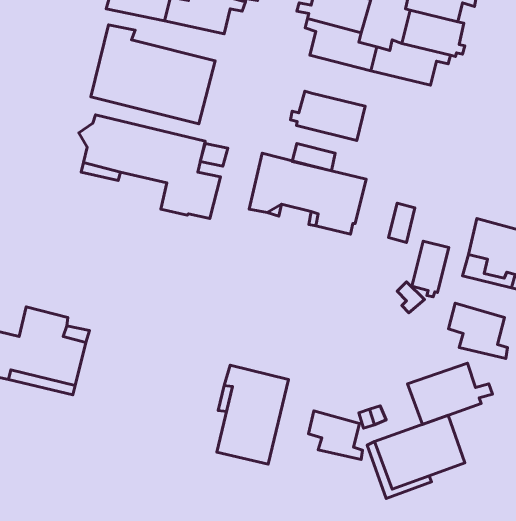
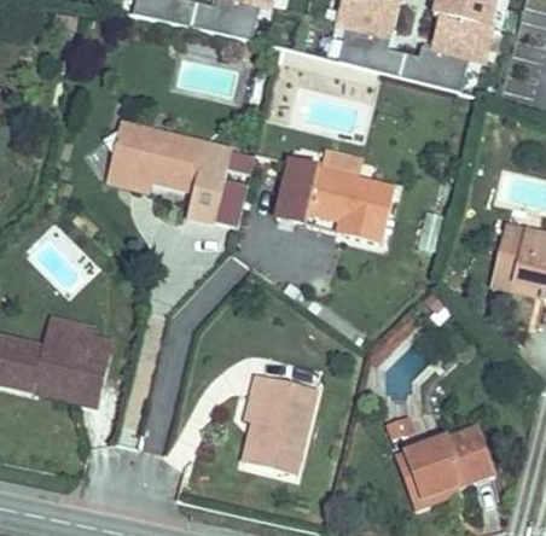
building: [91,25,215,124] -> none
building: [291,91,365,141] -> none
building: [412,241,449,297] -> none
building: [449,303,507,359] -> none
building: [407,363,492,424] -> none
building: [308,411,363,460] -> none

